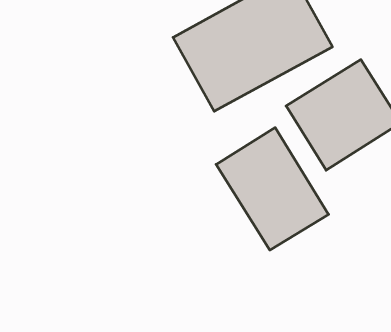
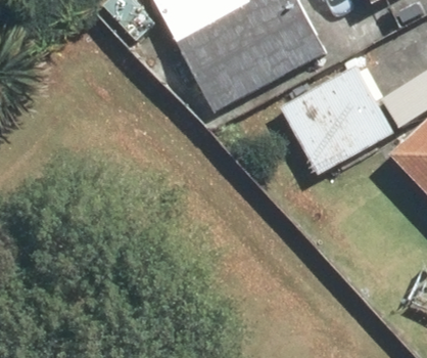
building: [216,128,329,250] -> none

